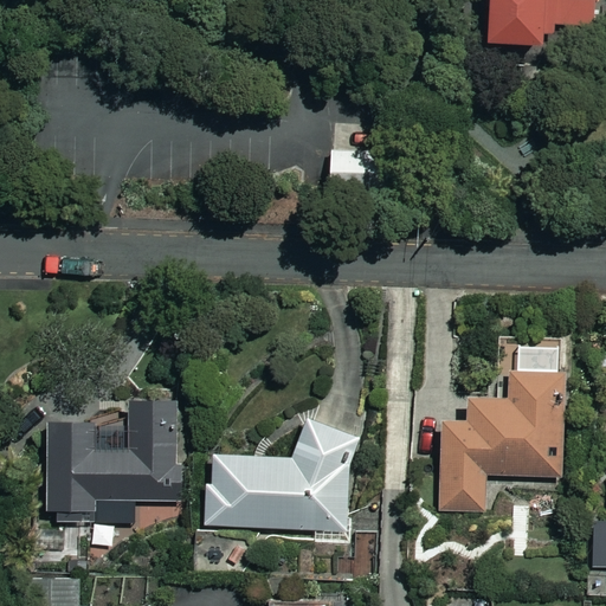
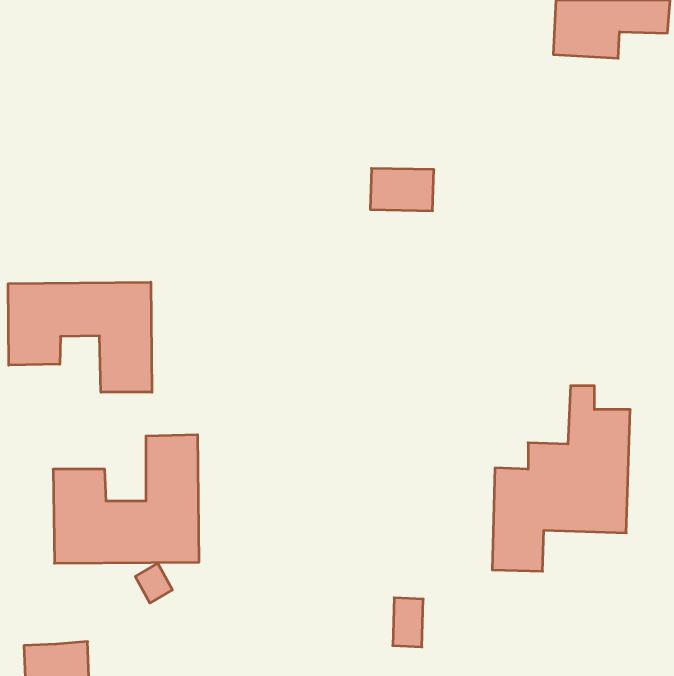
building: none -> [8,282,152,392]
building: [205,423,350,533] -> none

